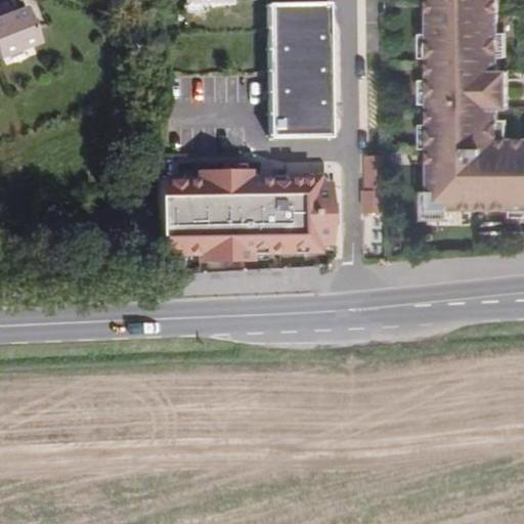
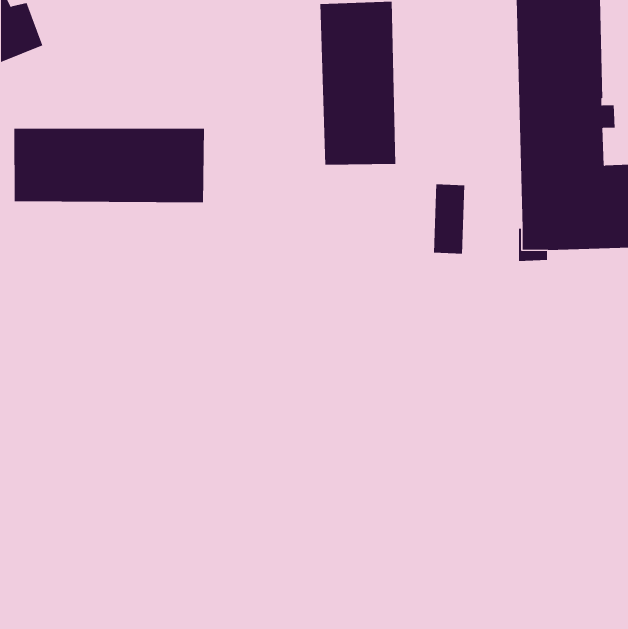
building: none -> [14,128,204,203]
building: [152,169,324,259] -> none

